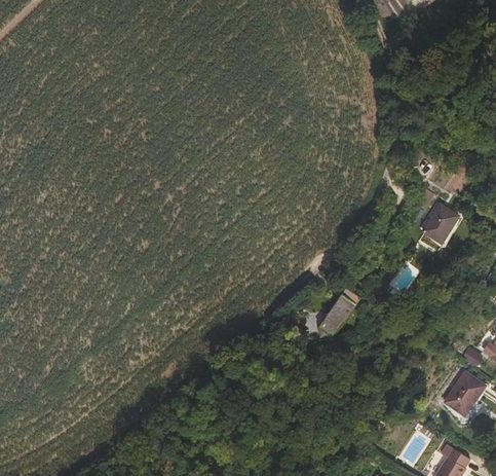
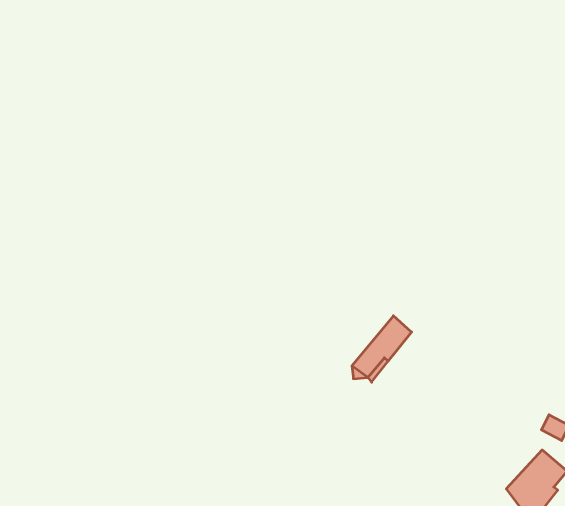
building: [424,200,459,237] -> none

